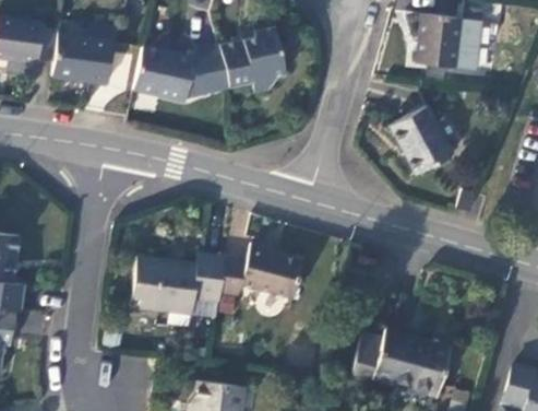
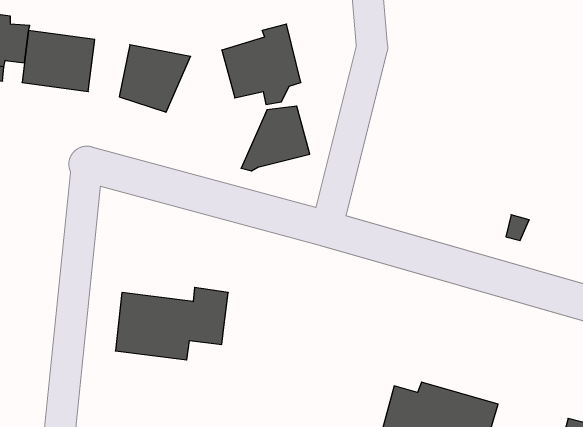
building: [415,15,480,71] -> none
building: [172,50,230,105] -> [241,106,310,171]
building: [384,108,445,175] -> none
building: [220,239,301,291] -> none

